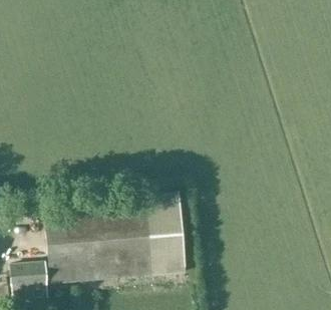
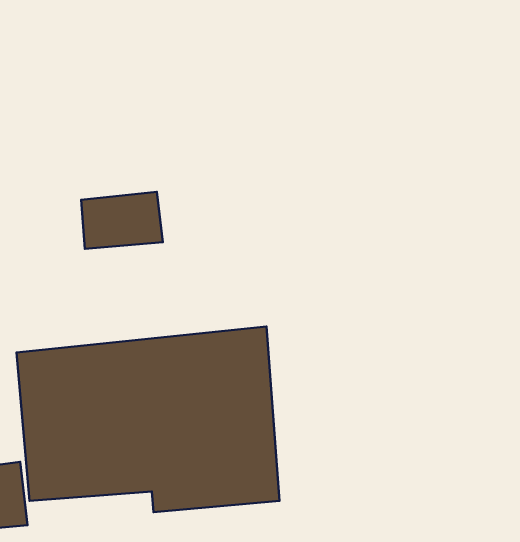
building: none -> [81,192,163,249]

